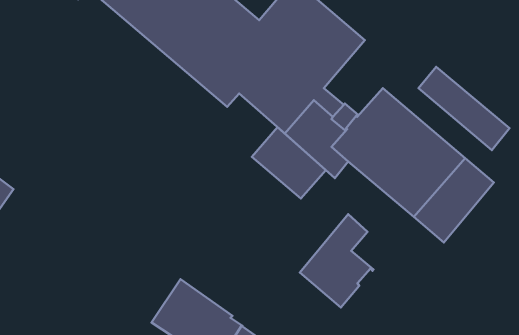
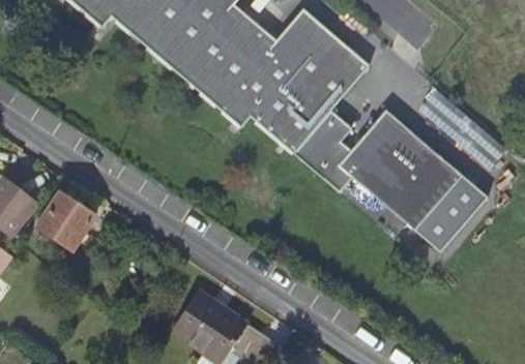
building: [252,127,326,199] -> none
building: none -> [41,192,99,250]
building: [300,214,373,308] -> none

